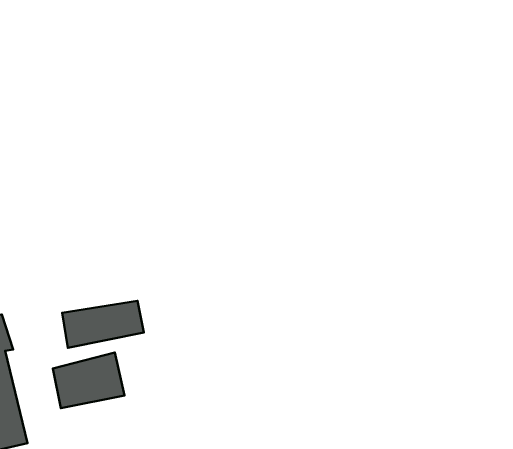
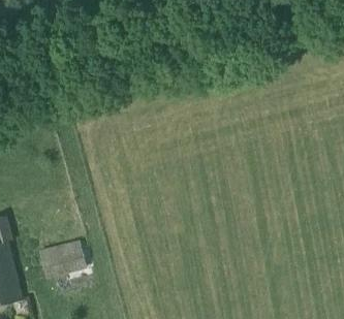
building: [62,301,144,348] -> none

